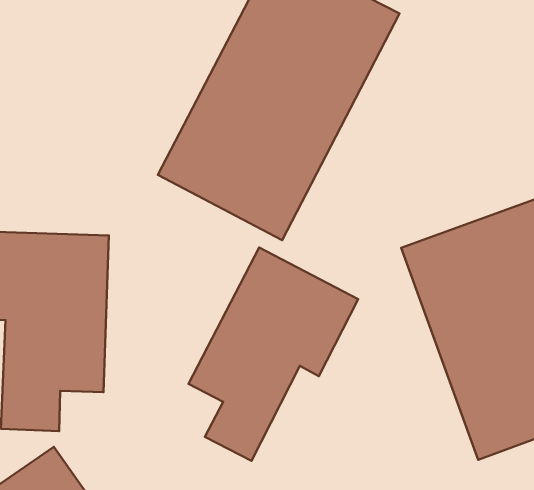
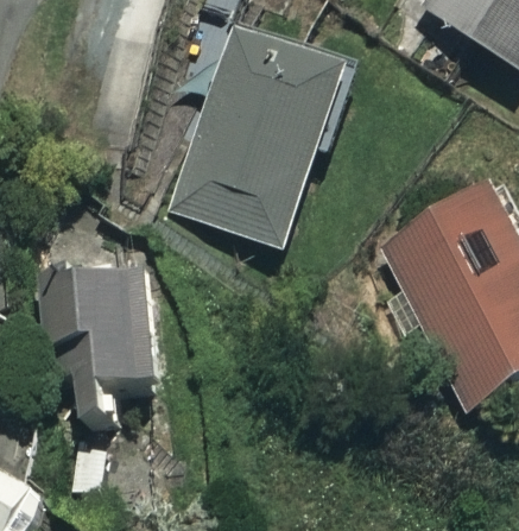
building: [189,247,358,461] -> none

